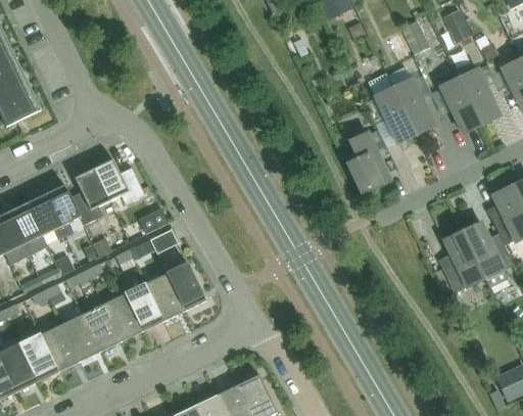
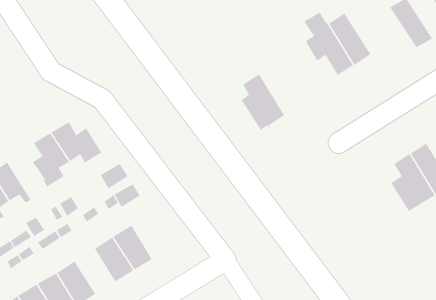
building: [440,79,482,133] -> none
building: [345,133,389,192] -> [241,74,285,131]
building: [45,185,81,236] -> none
building: [167,264,206,312] -> none
building: [103,294,142,341] -> none

